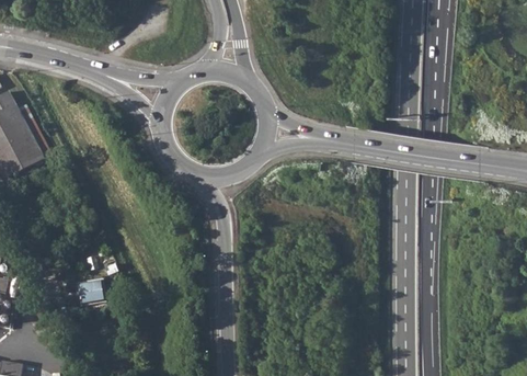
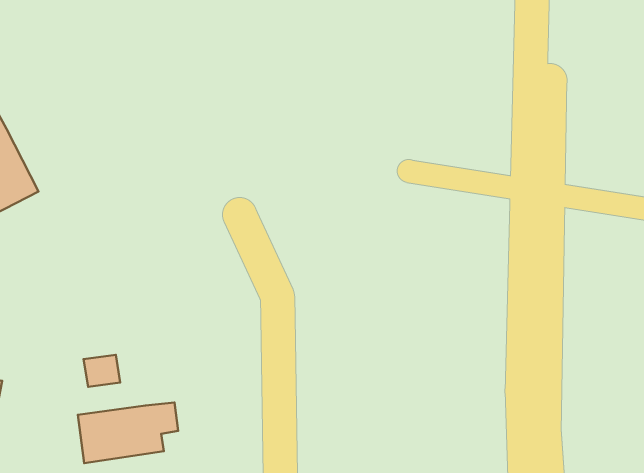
building: none -> [78,402,178,463]

